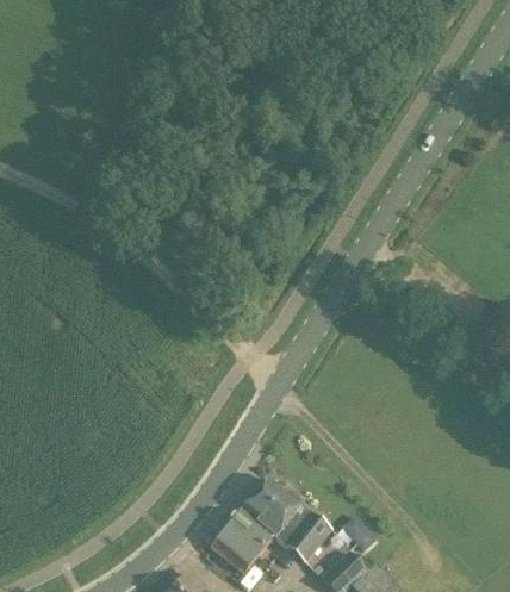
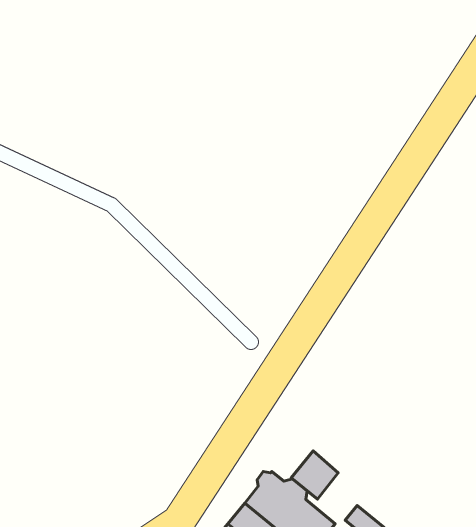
building: none -> [291,451,338,499]

